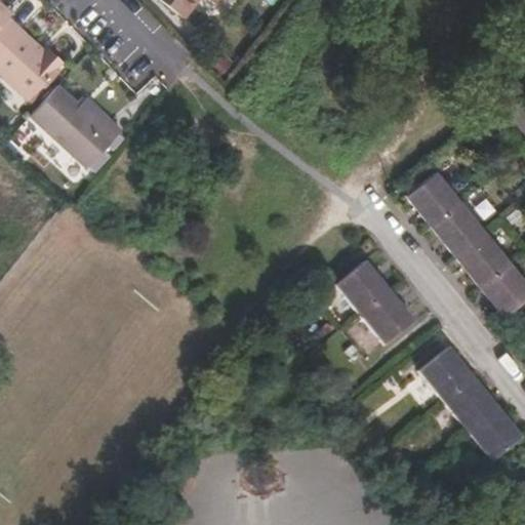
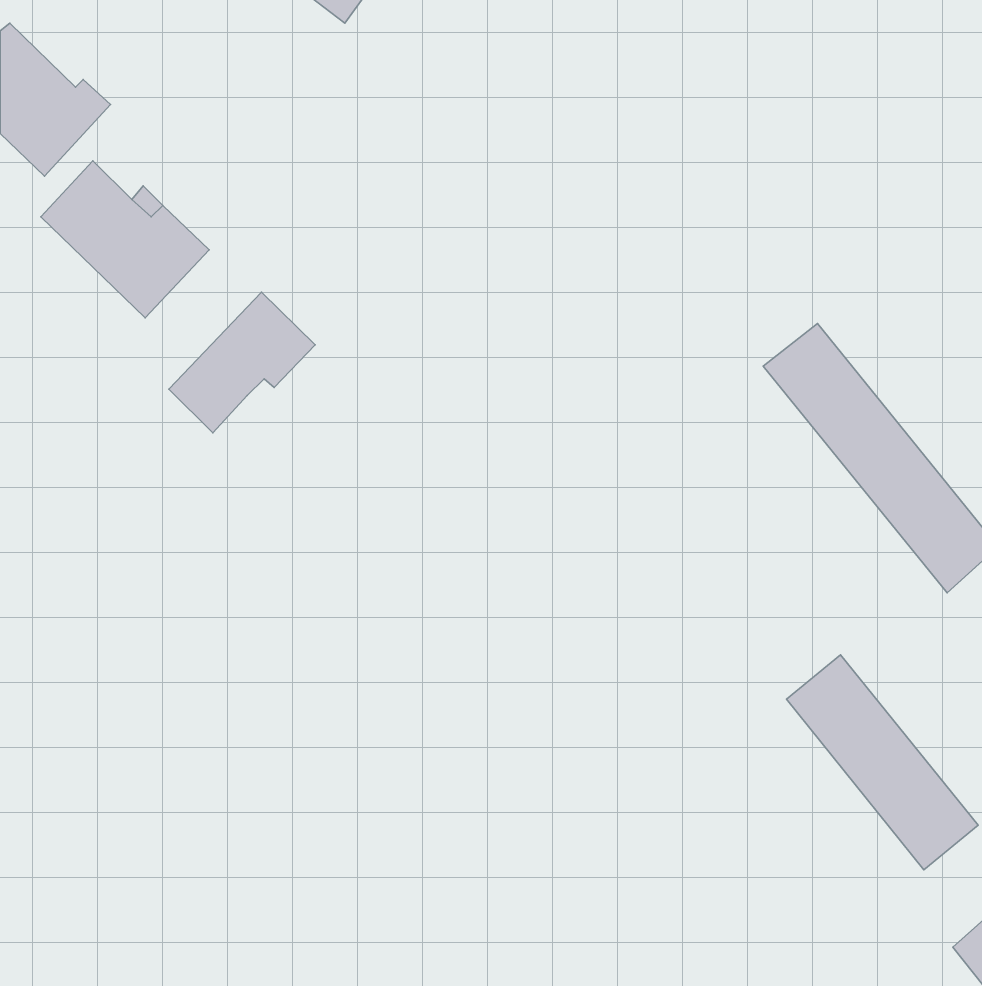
building: none -> [169,292,315,433]
building: [337,260,415,345] -> none

